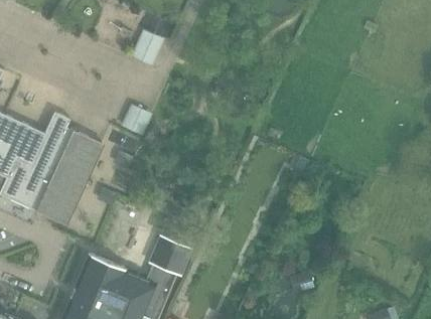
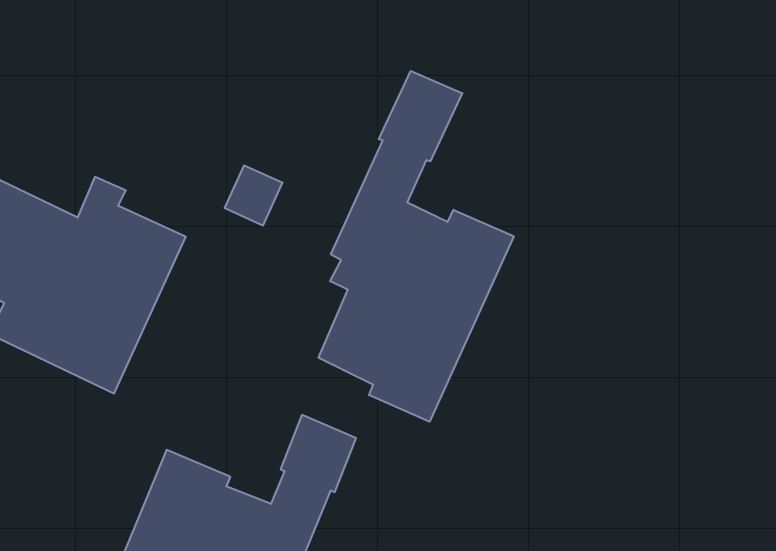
building: [131,31,163,66] -> none
building: none -> [319,71,514,422]

